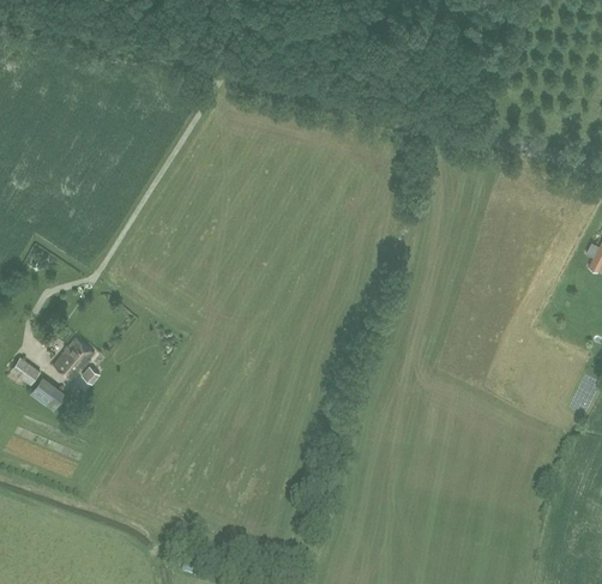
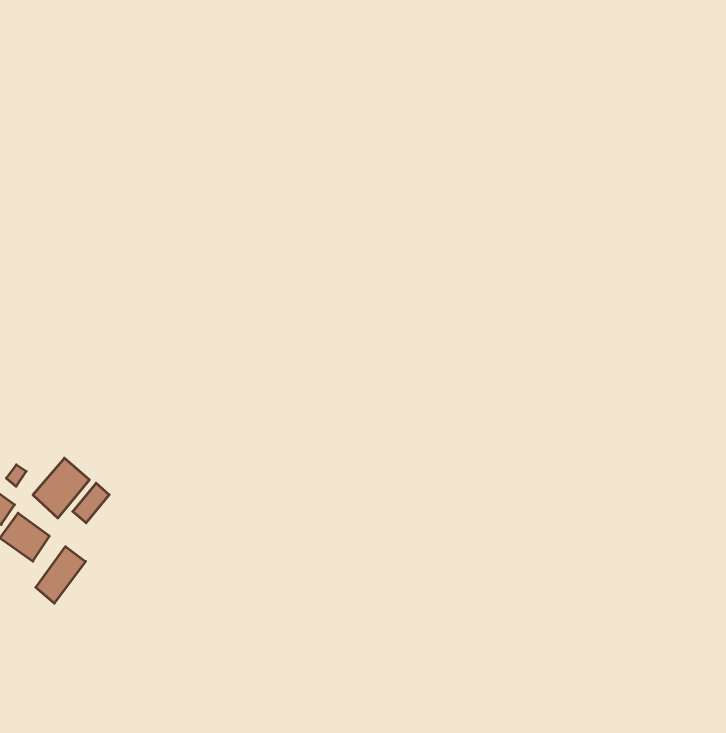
building: none -> [36,547,86,603]

